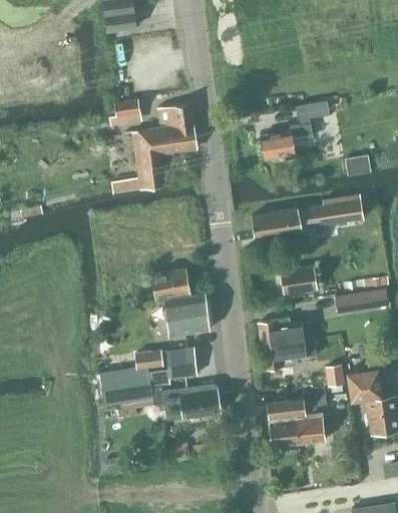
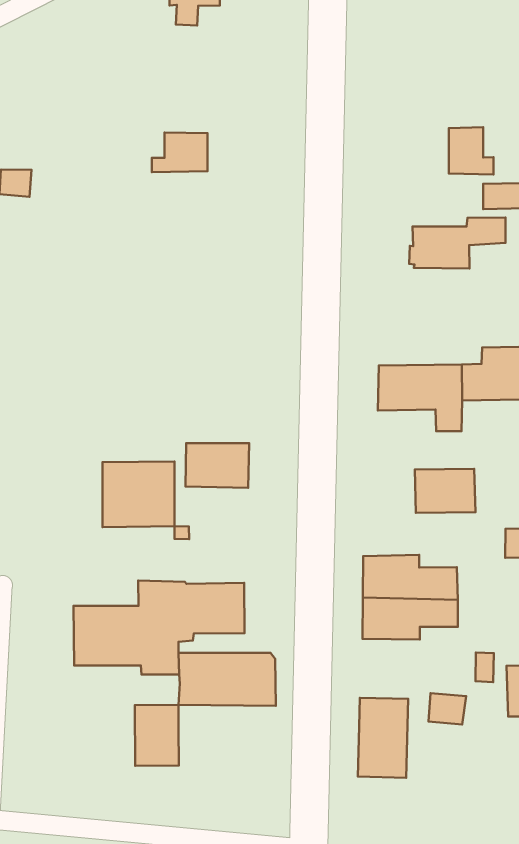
building: none -> [449,127,494,175]
building: [124,103,196,192] -> none
building: [164,295,210,337] -> [102,462,175,527]
building: [294,399,325,444] -> none
building: none -> [135,705,179,766]

